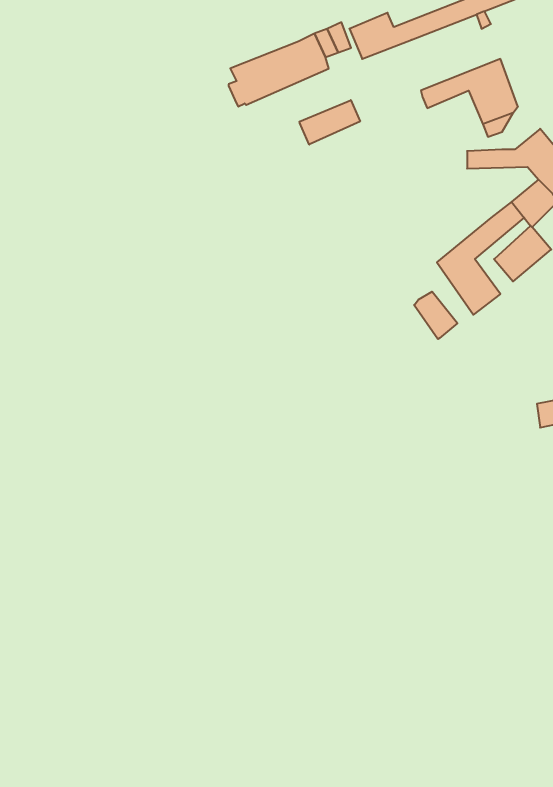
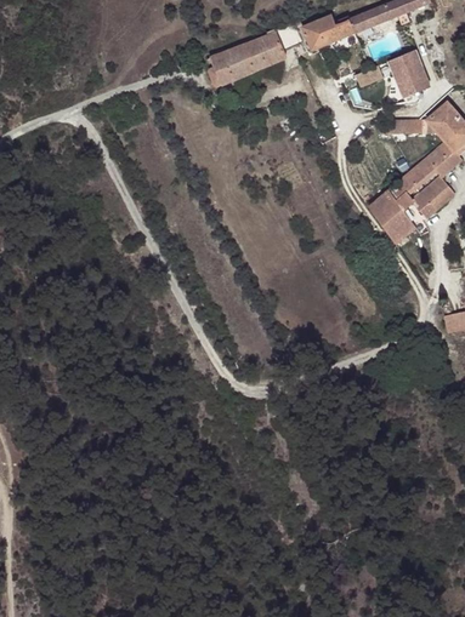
building: [299,100,360,145] -> none
building: [414,292,457,339] -> none

